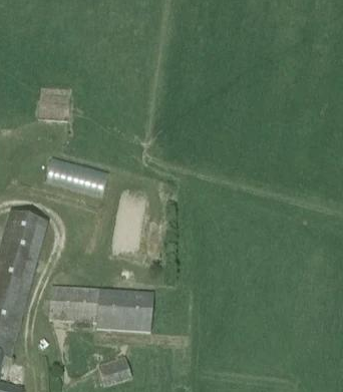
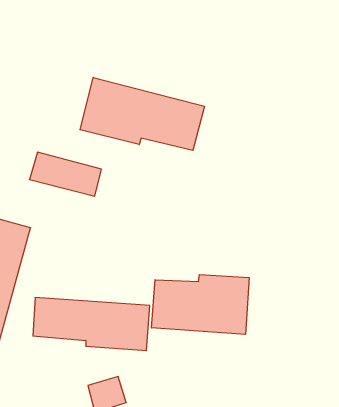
building: none -> [80,77,205,150]
building: none -> [152,275,249,334]

